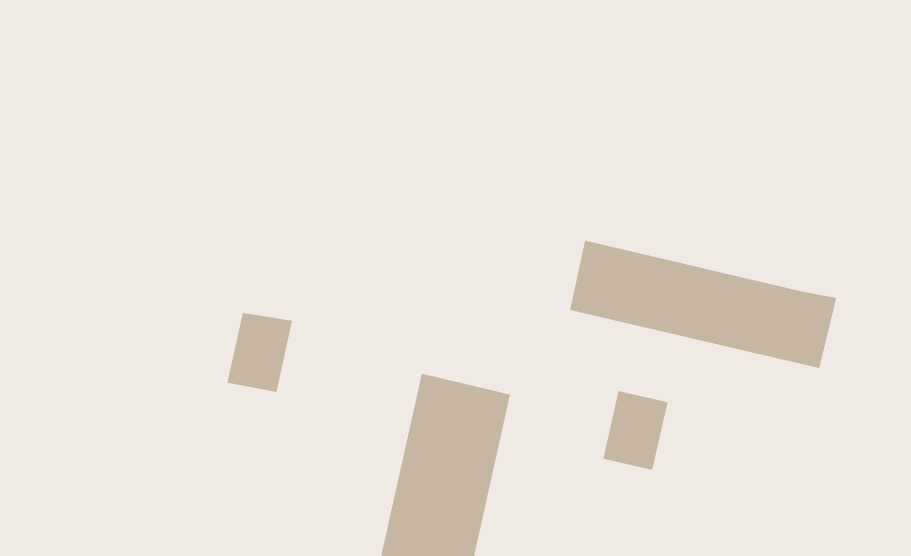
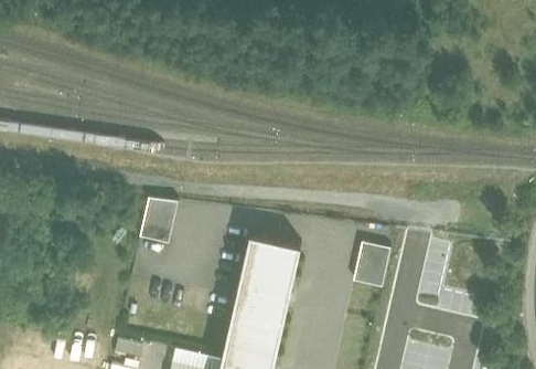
building: [570,240,837,369] -> none

